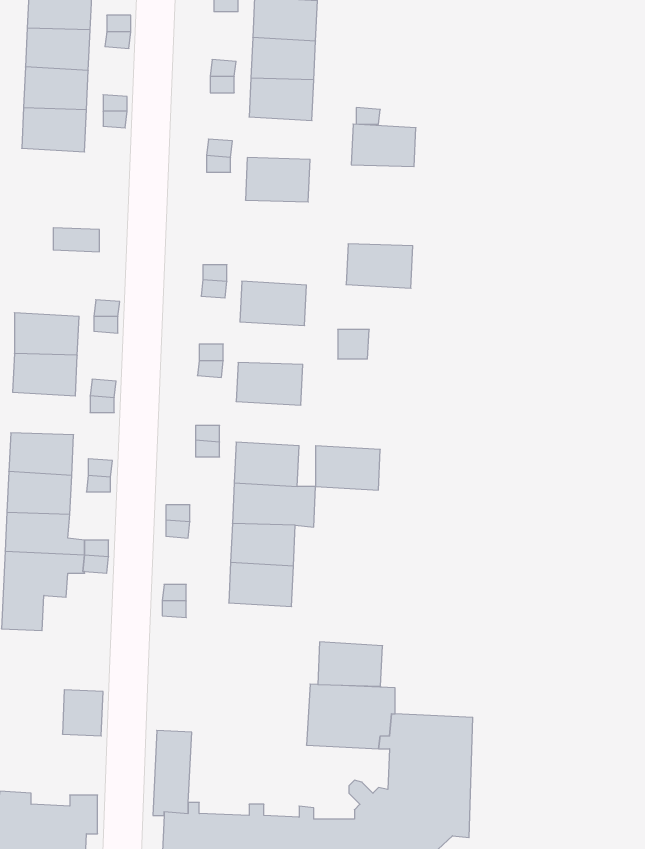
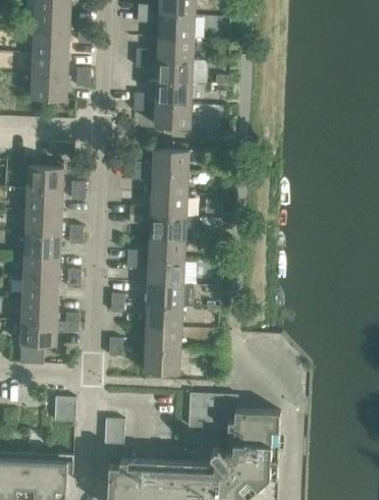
building: [351,124,416,167] -> [155,80,191,104]
building: [346,244,413,288] -> [152,149,188,173]
building: none -> [26,165,62,190]
building: none -> [150,193,186,217]
building: none -> [24,232,60,256]
building: [316,446,380,490] -> [149,237,184,262]
building: [318,642,383,686] -> [144,348,179,373]

